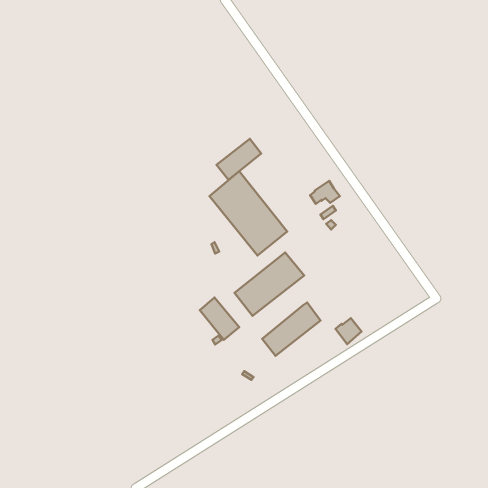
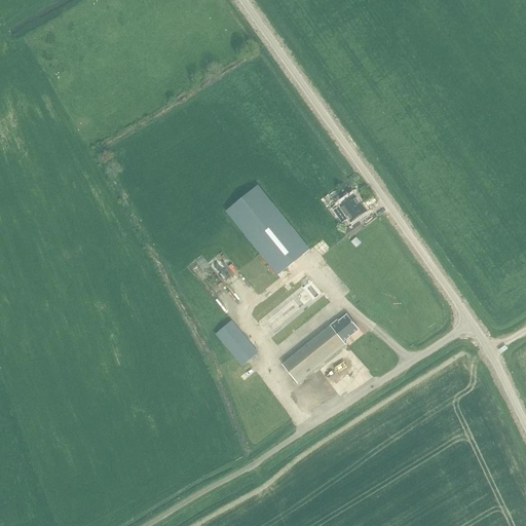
building: [217,139,261,180] -> none
building: [336,318,361,344] -> [330,313,358,341]

